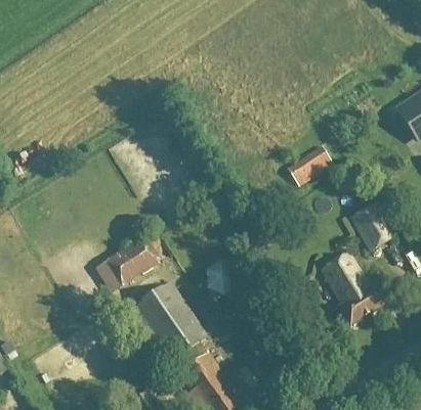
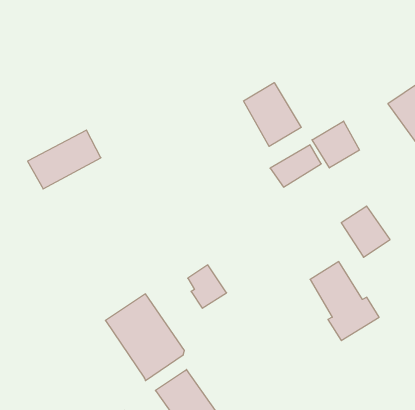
building: none -> [244,83,301,146]
building: none -> [312,121,359,168]
building: [98,237,166,291] -> [28,130,101,189]

